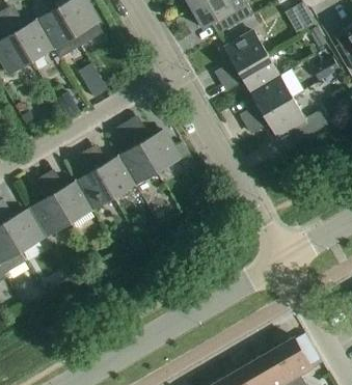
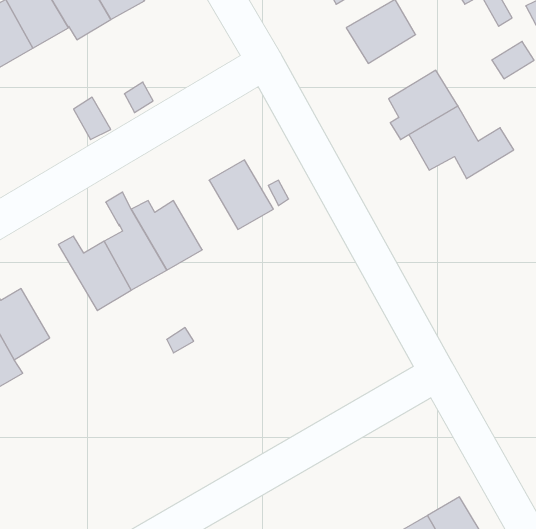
building: [238,53,279,92] -> none
building: [116,120,158,185] -> none
building: [32,181,72,236] -> none

